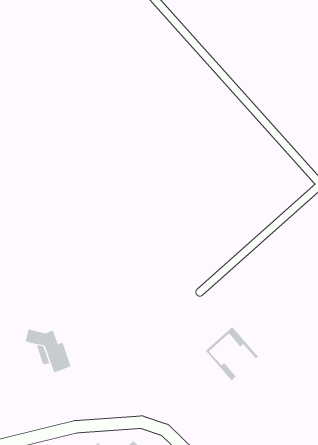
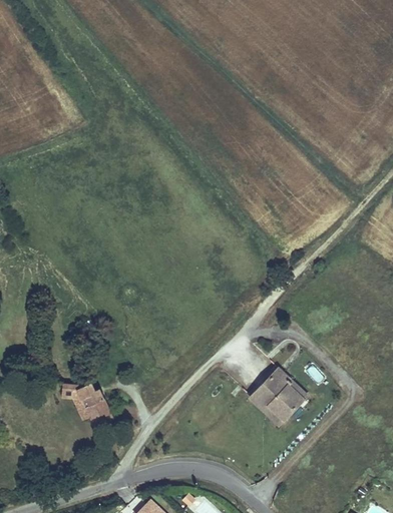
building: none -> [259,371,309,415]

